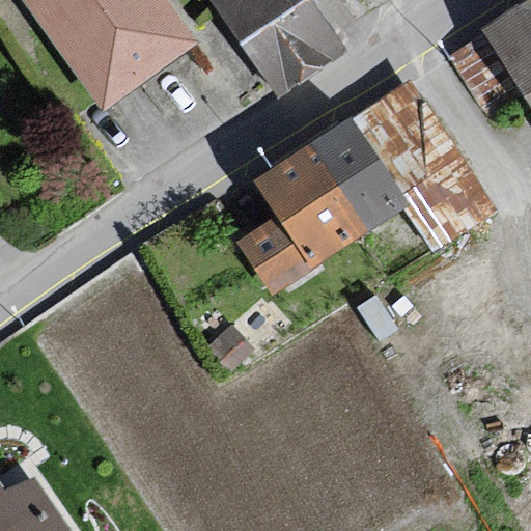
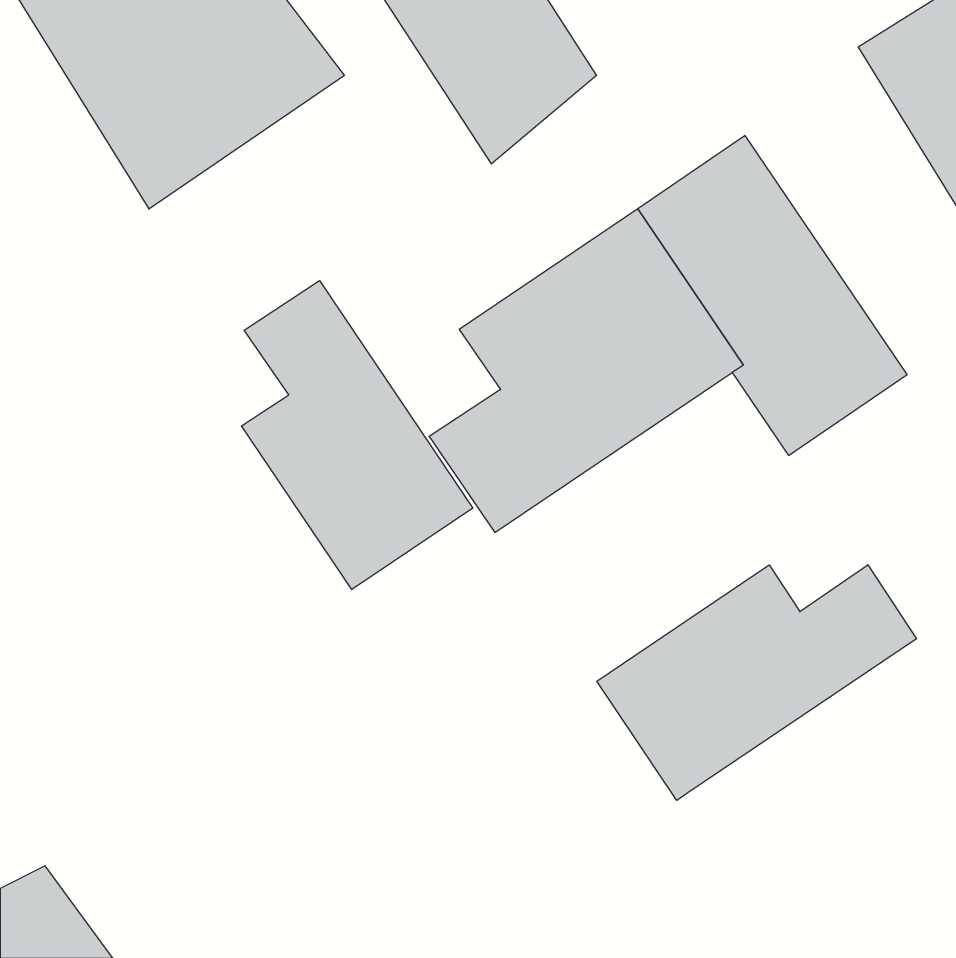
building: none -> [241,281,473,590]
building: none -> [597,565,917,800]

